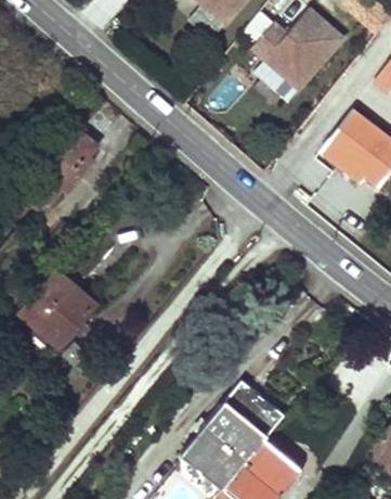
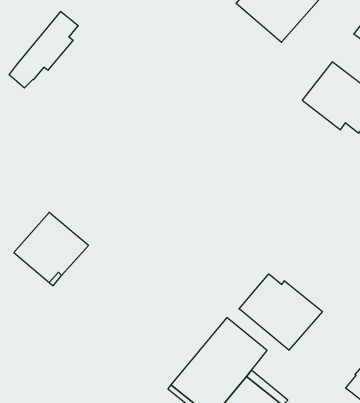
building: [24,131,96,212] -> [9,12,78,88]
building: none -> [239,274,322,350]

